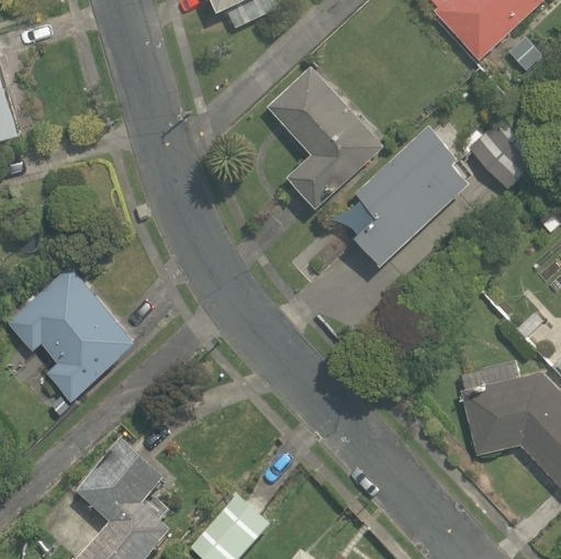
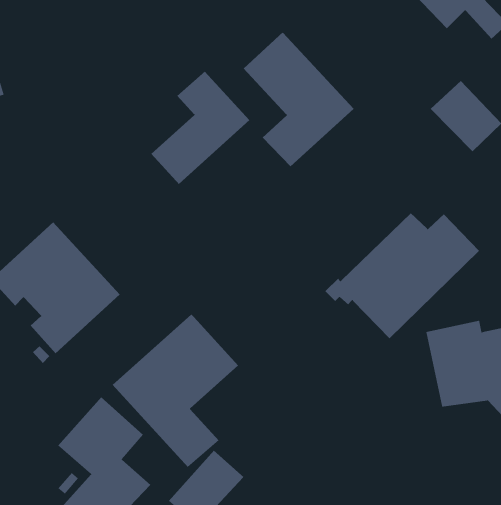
building: none -> [150,71,250,185]
building: [315,137,475,268] -> [325,213,480,339]
building: none -> [112,313,239,468]

